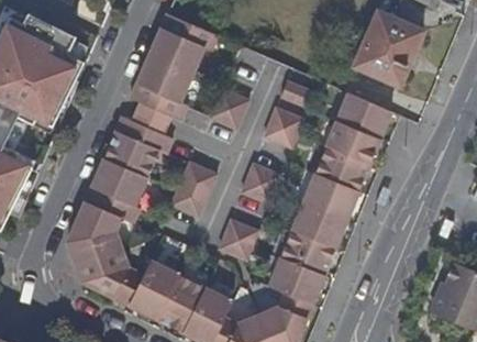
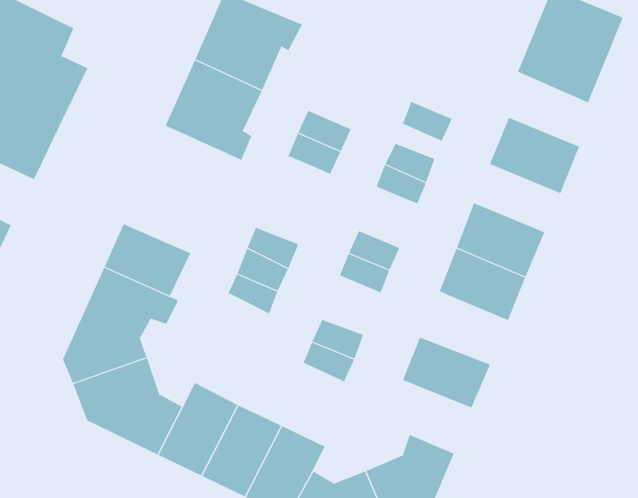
building: [104,117,171,178] -> none
building: [325,122,380,165] -> none
building: [291,202,347,249] -> none
building: [269,258,324,305] -> none

